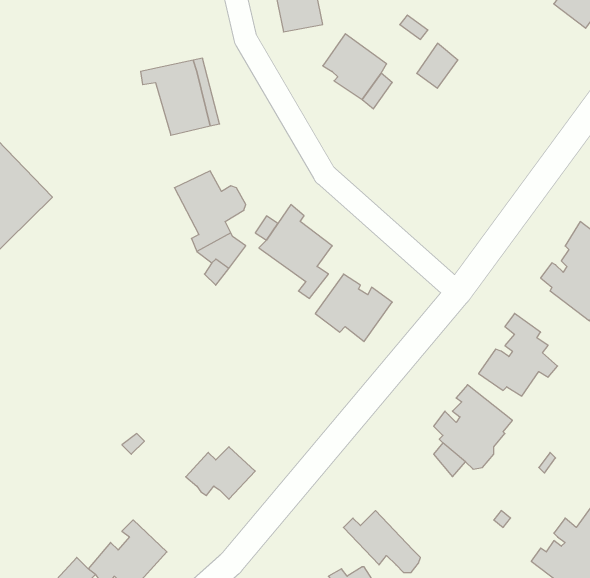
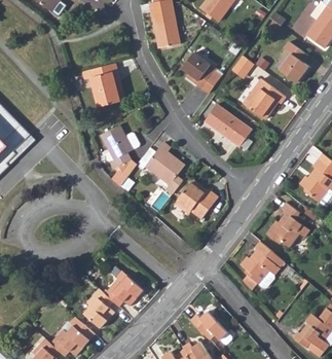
building: none -> [279,41,309,83]
building: none -> [243,79,284,119]
building: none -> [204,104,252,149]
building: none -> [86,290,115,327]

